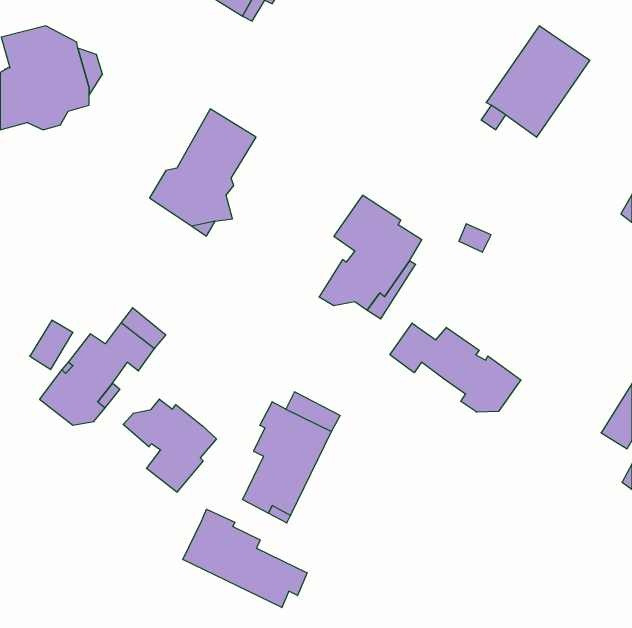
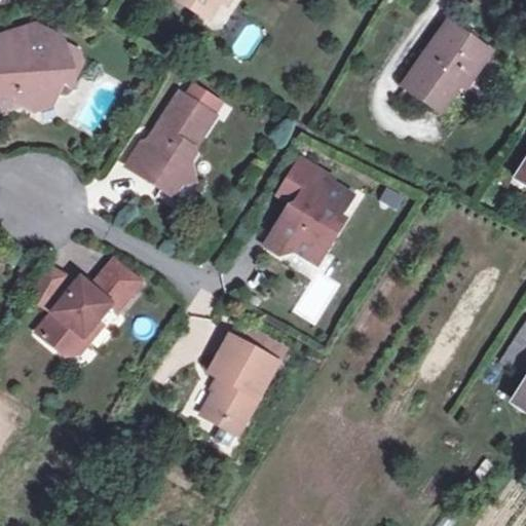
building: [390,323,521,412] -> none
building: [123,399,216,492] -> none
building: [183,509,307,608] -> none

